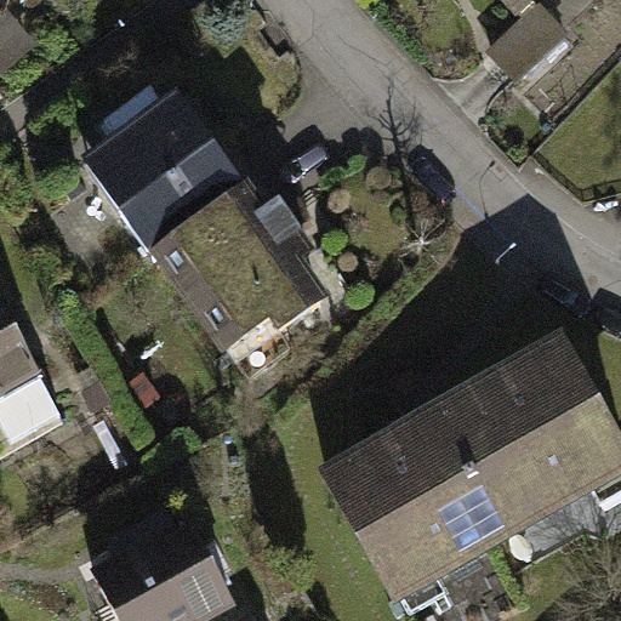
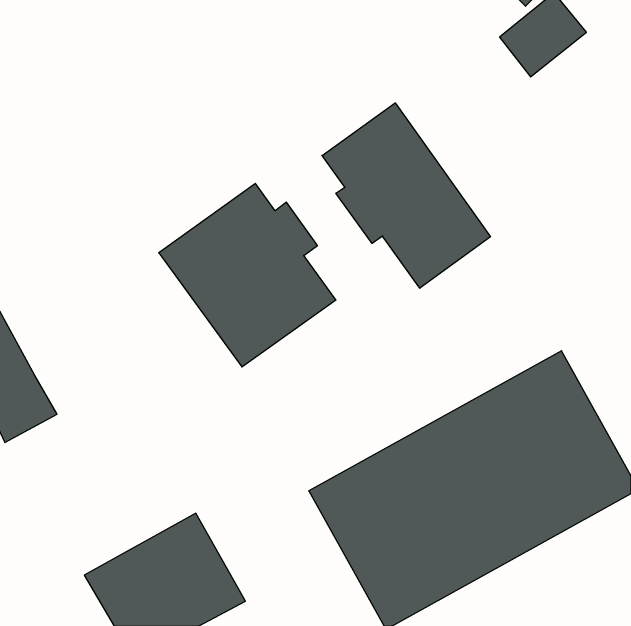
building: [85,81,250,247] -> none
building: none -> [322,103,490,288]

